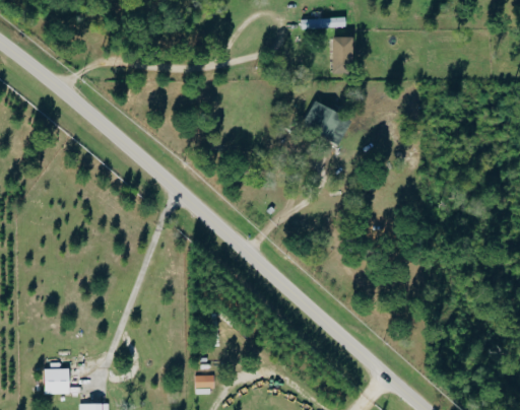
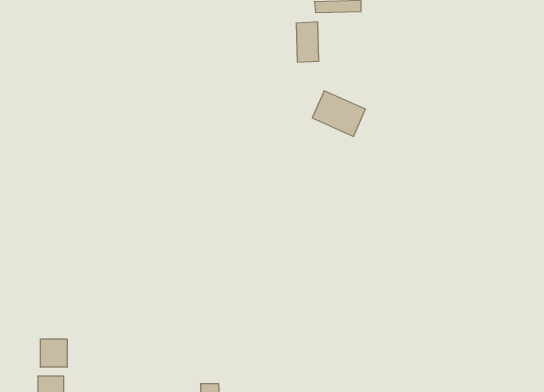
building: [331,37,352,74] -> [296,22,319,62]
building: none -> [41,339,67,367]

